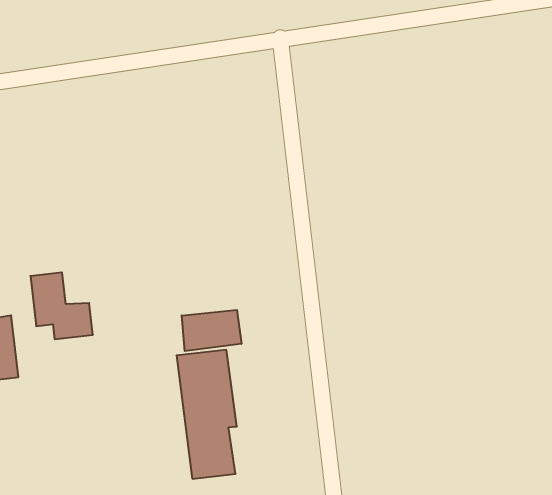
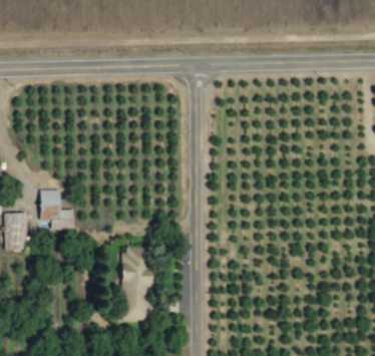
building: [182,310,241,351] -> none

